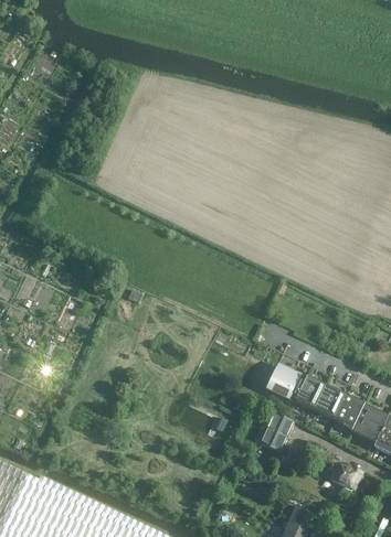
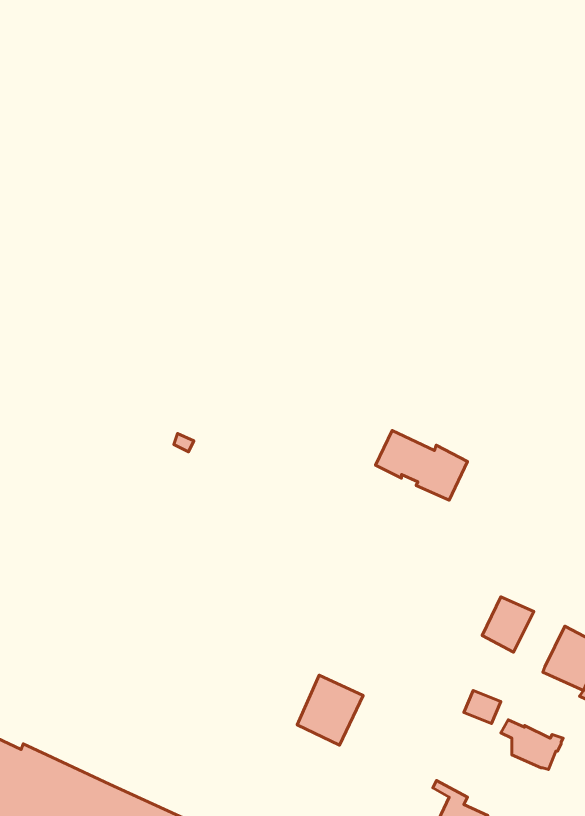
building: [272,368,327,410] -> [376,430,467,500]
building: [335,396,366,429] -> none
building: [255,410,295,452] -> [297,675,363,745]

